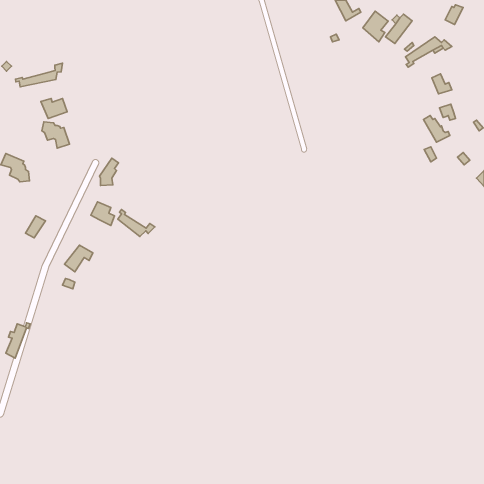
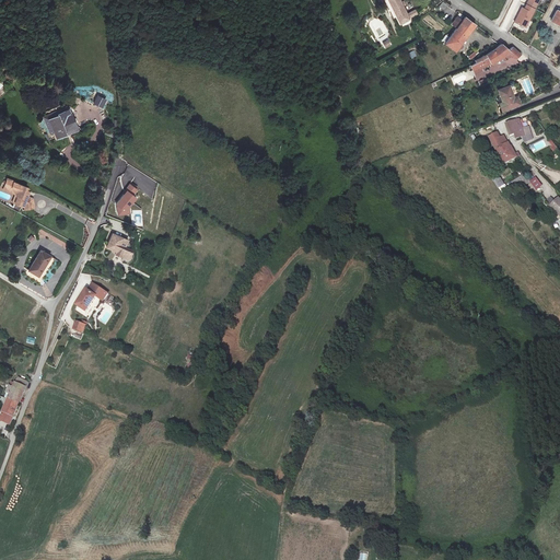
building: [363,11,388,42] -> none
building: [15,63,63,87] -> none
building: [42,122,70,148] -> none
building: [118,209,155,237] -> none

